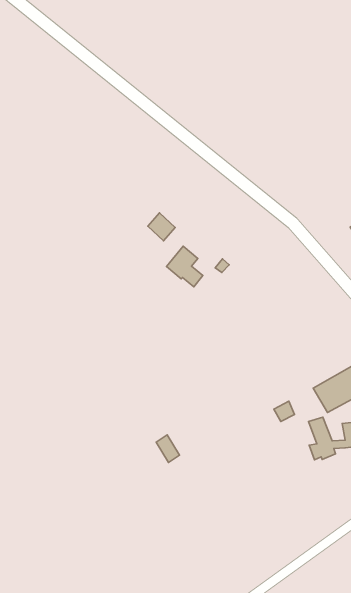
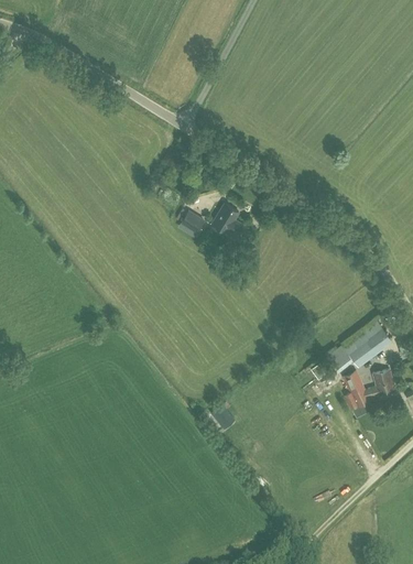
building: [166,246,203,287] -> [213,203,246,237]

